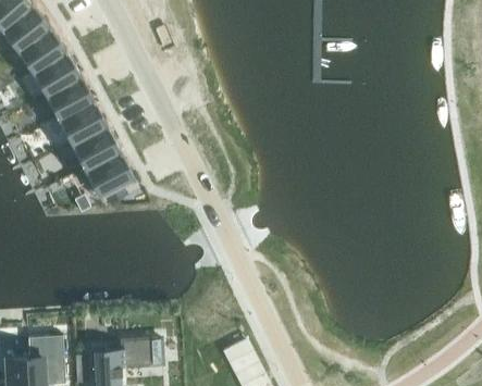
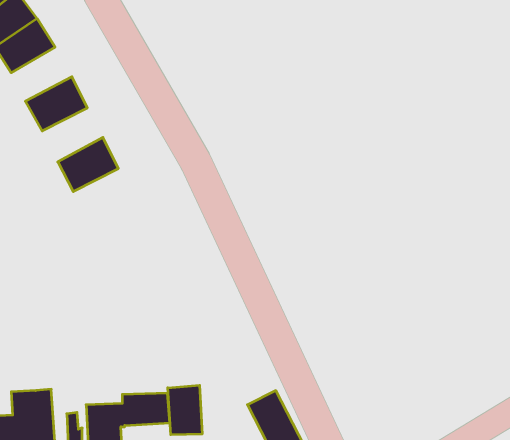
building: [28,48,79,94] -> none
building: [54,99,106,145] -> none
building: [81,150,133,195] -> none
building: none -> [168,385,202,435]

